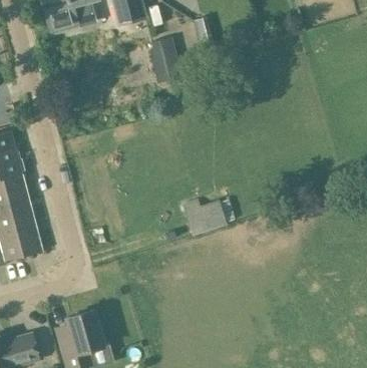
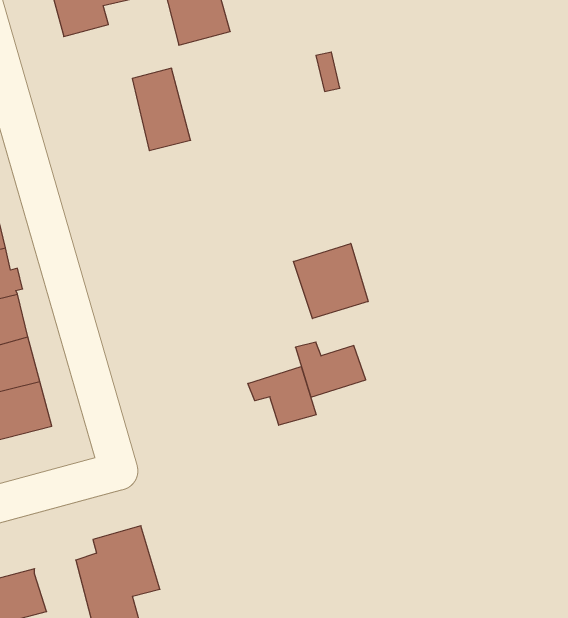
building: [147,37,181,85] -> [132,68,191,151]
building: none -> [293,243,368,319]
building: none -> [248,367,316,425]

